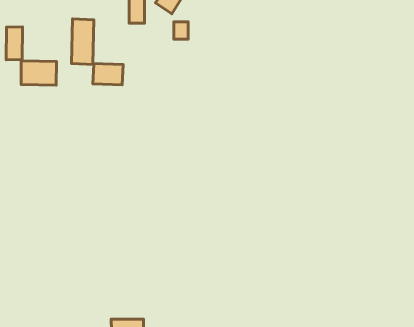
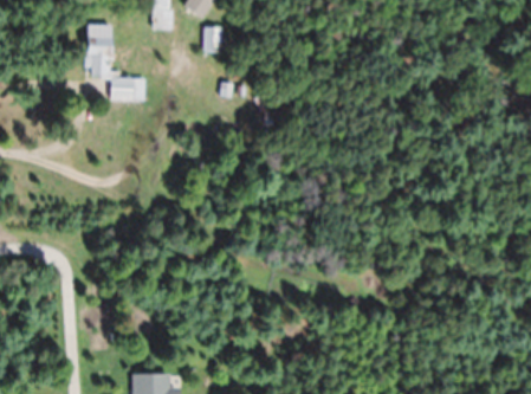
building: [6,27,56,85] -> none

